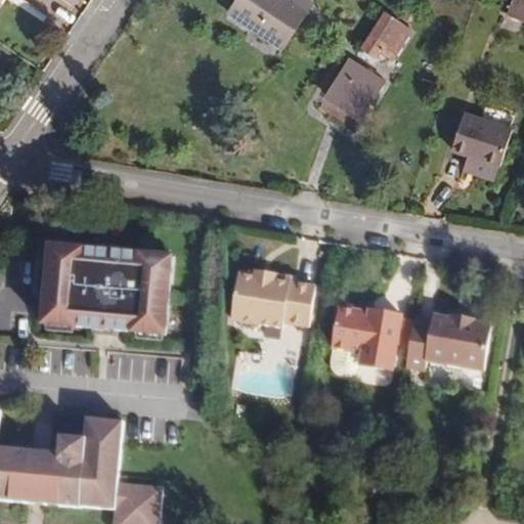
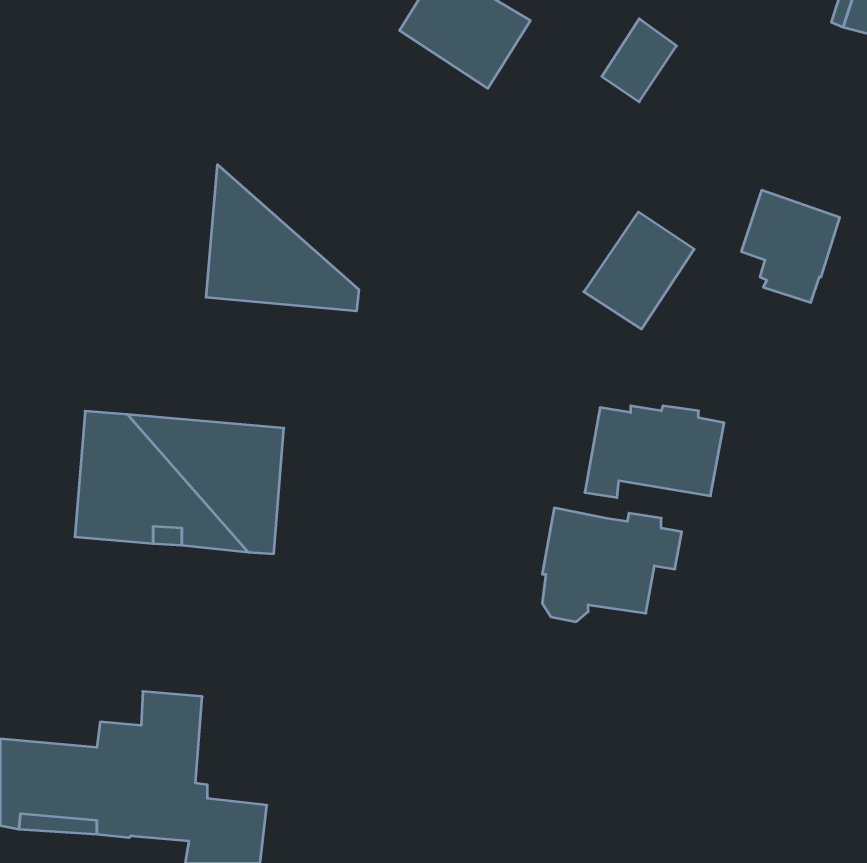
building: [315,54,382,125] -> [584,212,694,329]
building: none -> [206,165,359,311]
building: [229,271,313,326] -> none
building: [403,313,487,368] -> [585,406,724,498]

